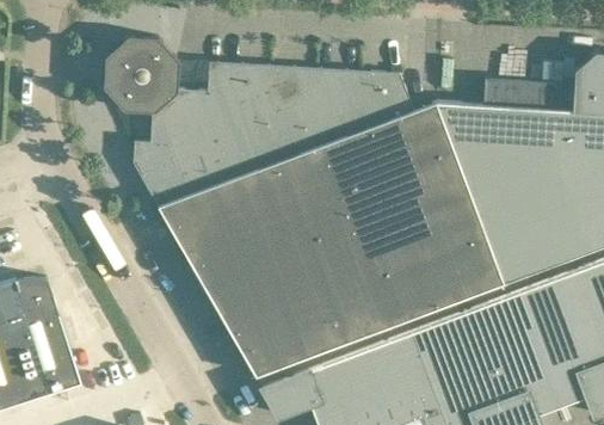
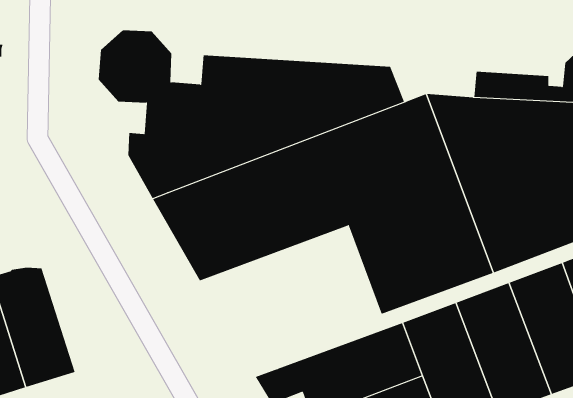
building: [205,235,389,376] -> none

